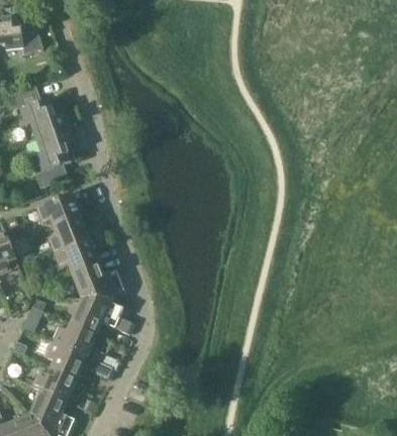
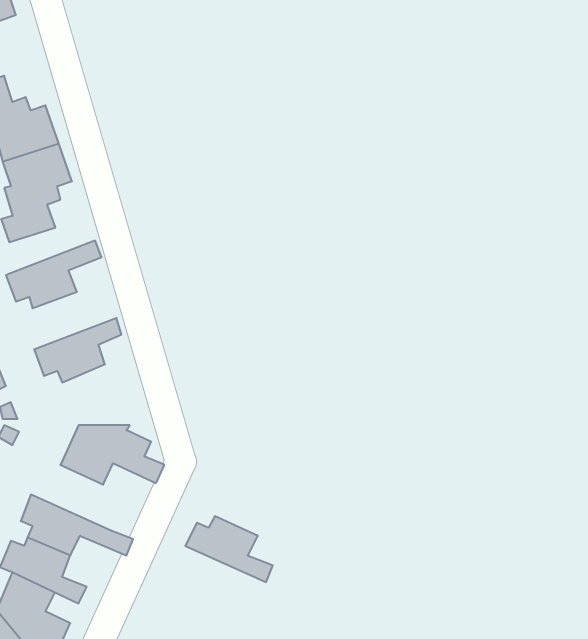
building: [47,217,104,252] -> none
building: [71,261,125,299] -> none
building: [52,323,105,363] -> [185,516,273,582]

